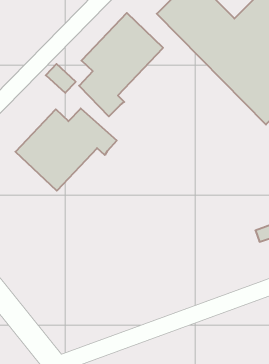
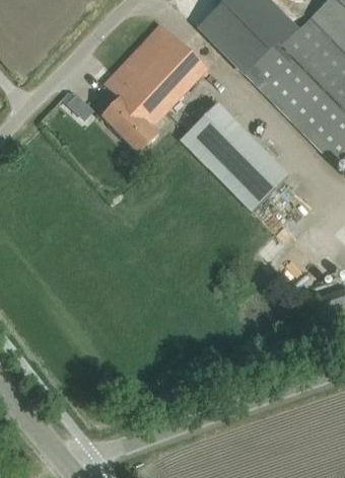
building: none -> [182,99,293,212]
building: [15,108,117,191] -> none

